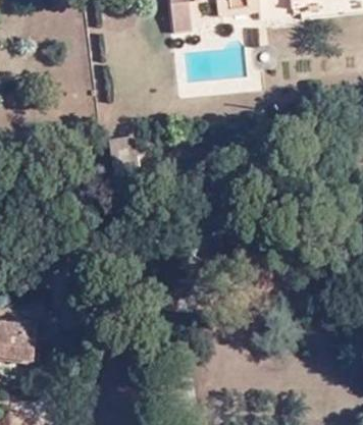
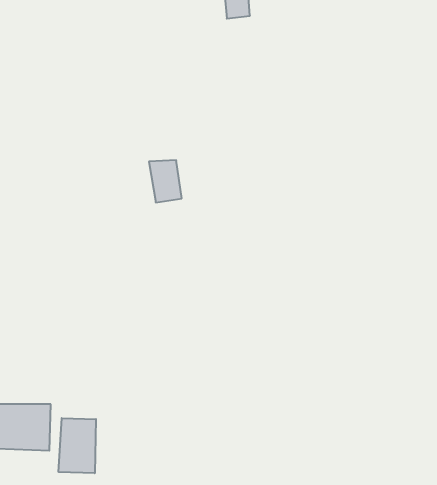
building: none -> [59,418,96,473]

